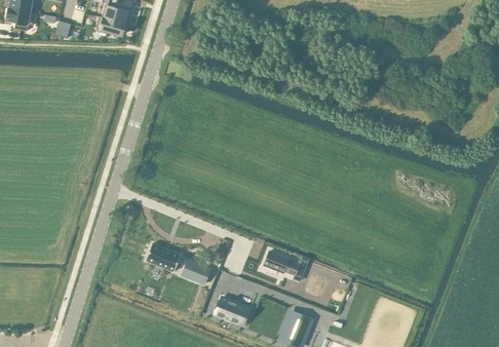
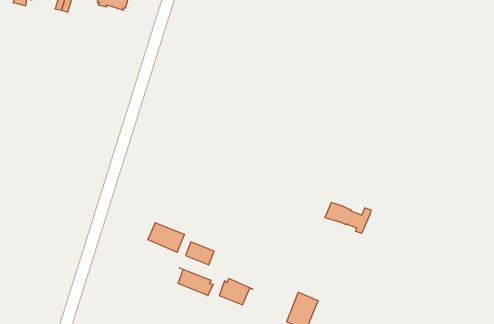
building: [263,250,308,280] -> [325,203,371,233]
building: none -> [178,268,213,296]

